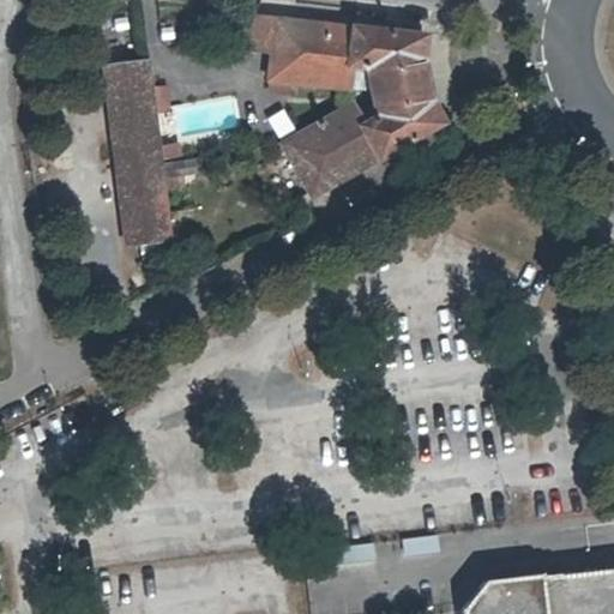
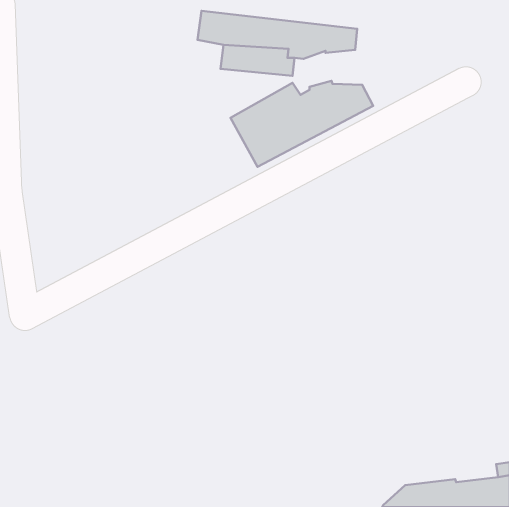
building: [106,55,169,248] -> none
building: [366,60,437,104] -> none

